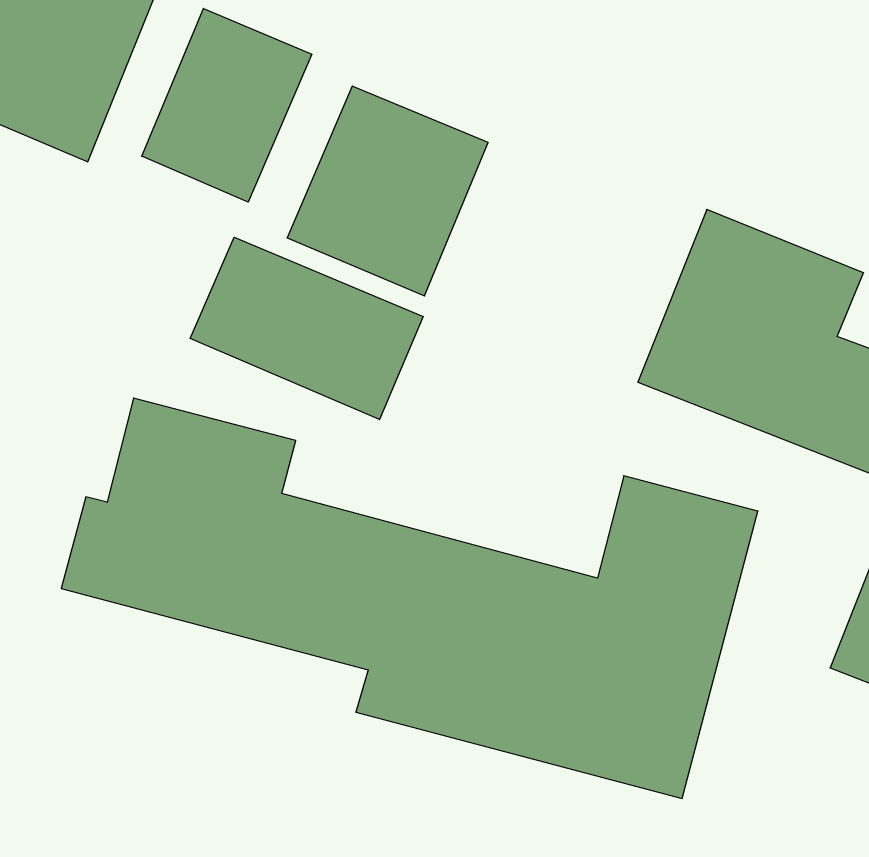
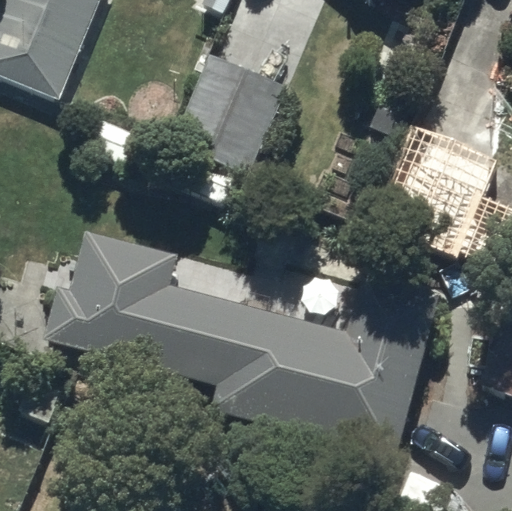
building: [142,8,312,202] -> none
building: [190,237,423,420] -> none

